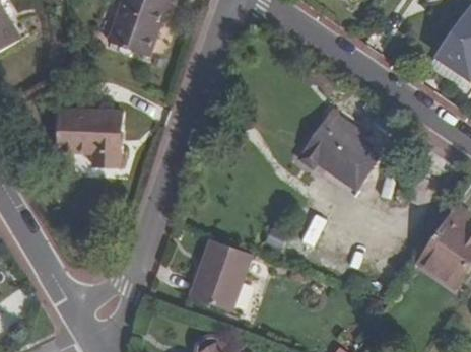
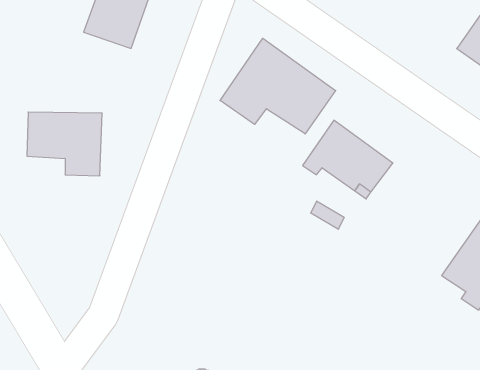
building: none -> [220,38,336,134]
building: [191,239,253,311] -> none

